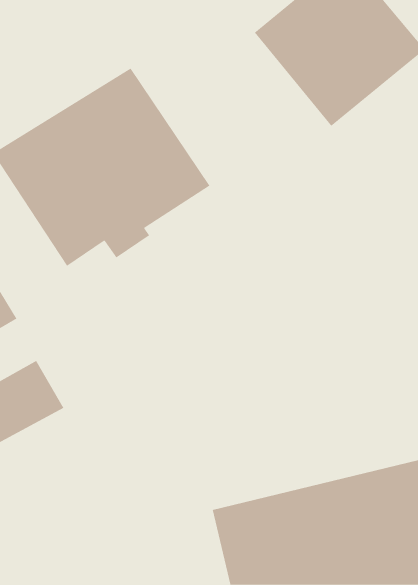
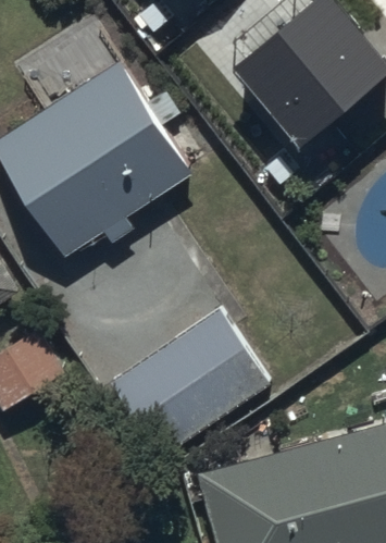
building: none -> [104,309,270,464]

